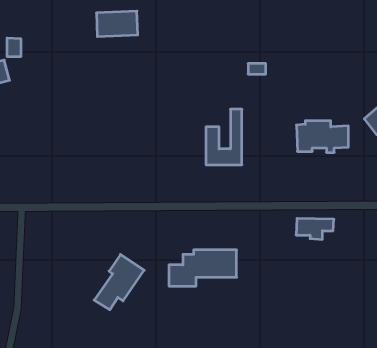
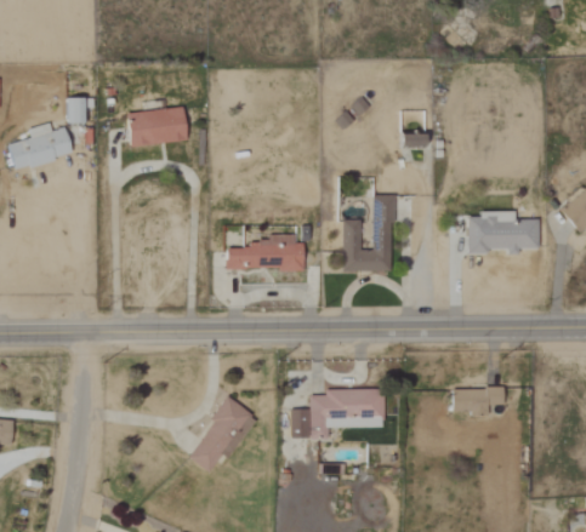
building: [96,11,138,37] -> [129,109,186,144]
building: none -> [227,241,305,270]
building: [296,218,334,239] -> [453,388,505,417]

